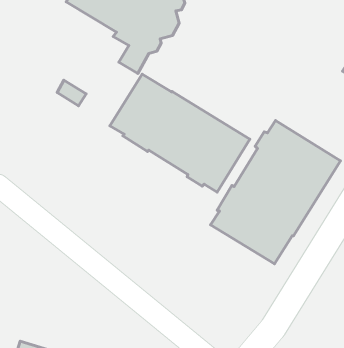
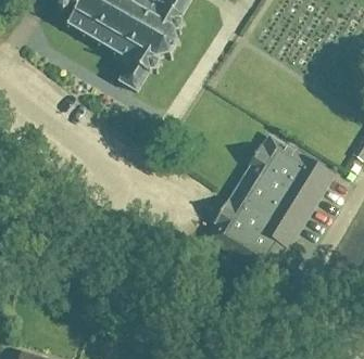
building: [110,74,250,192] -> none

